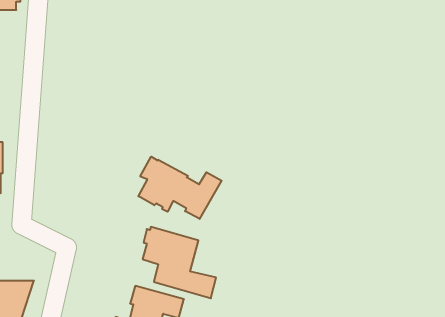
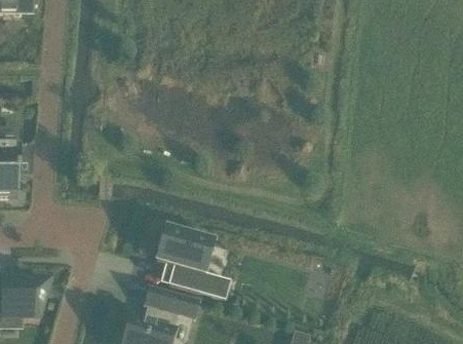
building: [138,157,222,219] -> none

